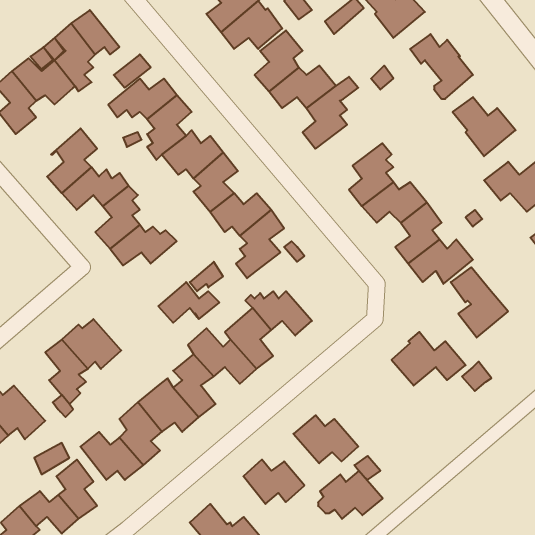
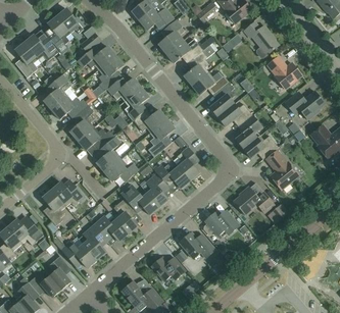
building: none -> [191,71,228,94]
building: none -> [96,136,119,171]
building: none -> [175,147,198,179]
building: [318,471,383,519] -> [203,209,239,236]

